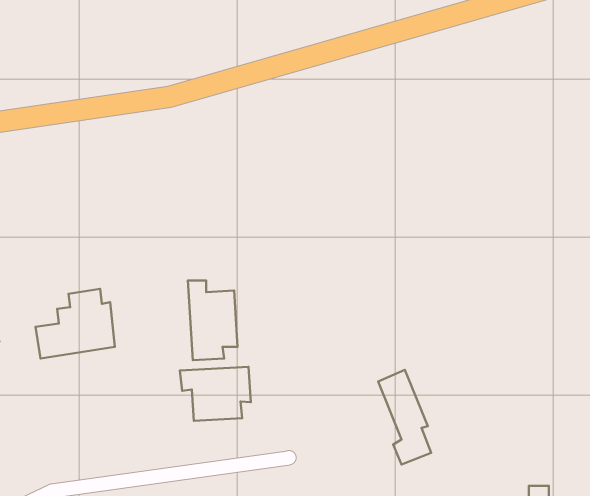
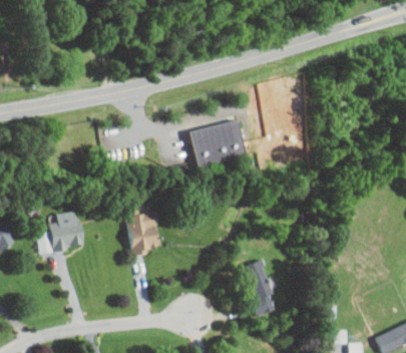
building: none -> [189,120,246,169]
building: [180,367,251,421] -> none

